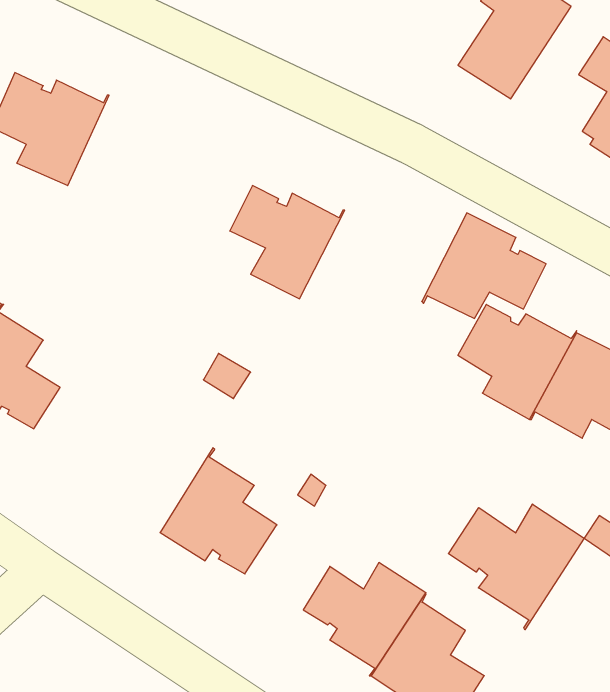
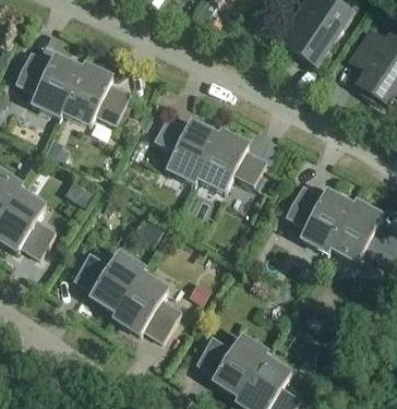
building: none -> [60,63,131,124]
building: [422,213,546,318] -> [194,130,266,191]
building: none -> [73,251,144,316]
building: [448,504,584,630] -> none

